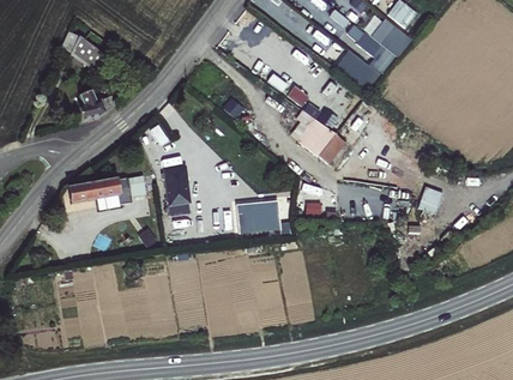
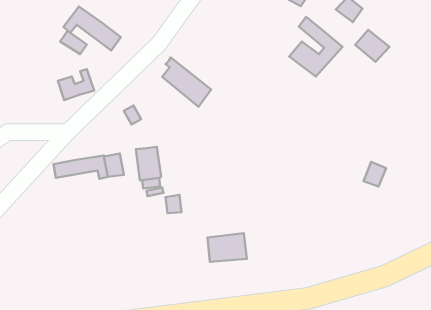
building: none -> [63,6,121,50]
building: [370,19,409,55] -> [355,30,389,62]
building: [292,111,348,167] -> [162,58,211,107]
building: [235,200,279,233] -> [208,233,247,262]

